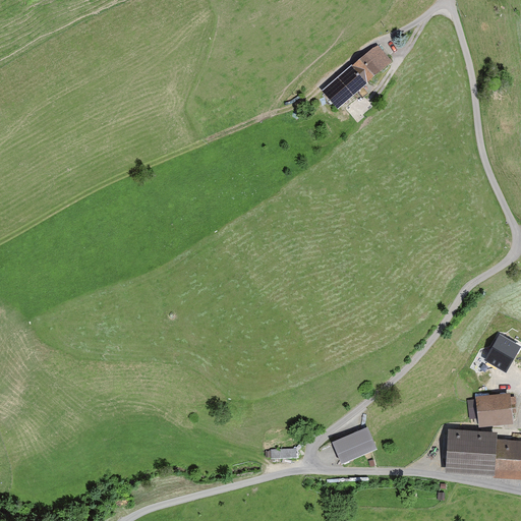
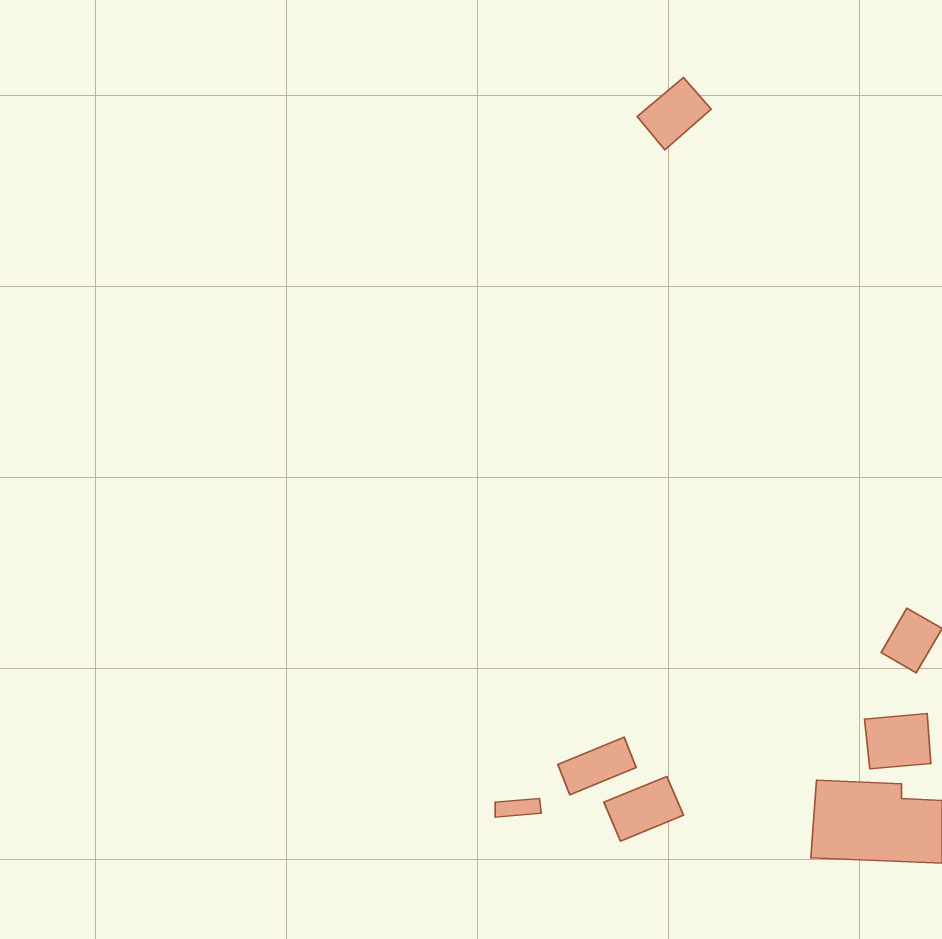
building: [322,64,366,108] -> none
building: none -> [558,737,636,795]

